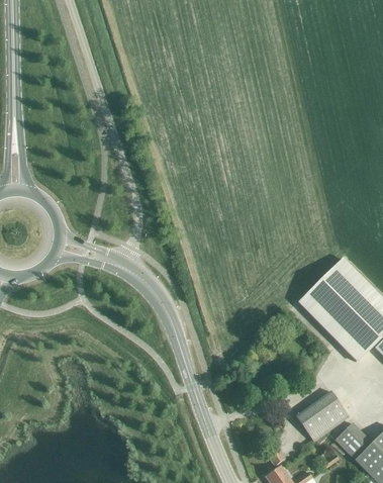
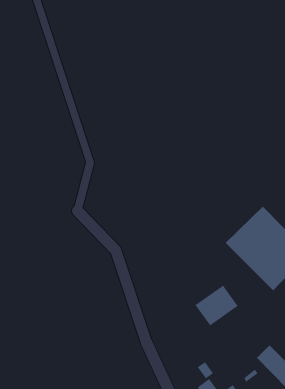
building: [296,390,349,440] -> [195,285,239,326]

